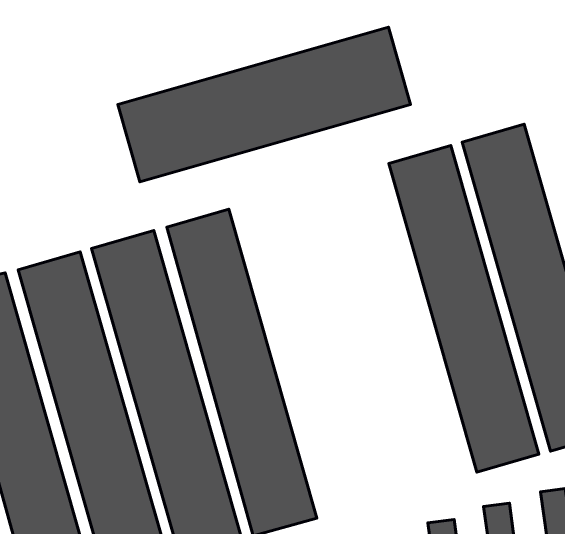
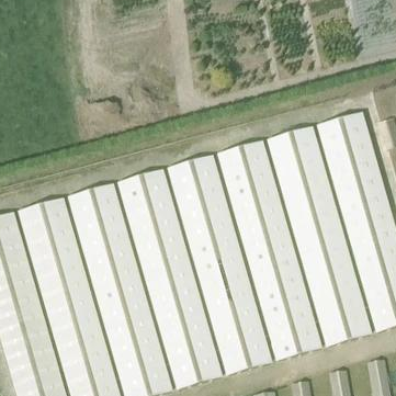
building: [118,27,410,182] -> none
building: none -> [217,140,318,360]
building: none -> [168,155,269,374]

